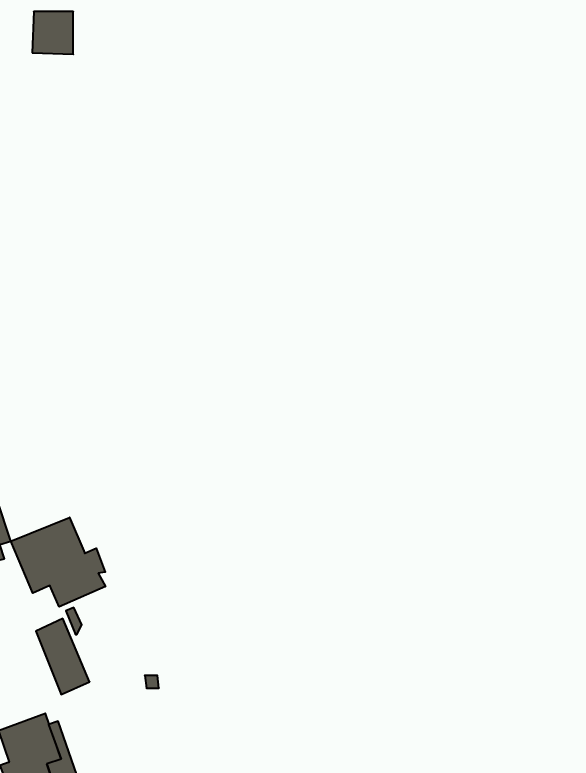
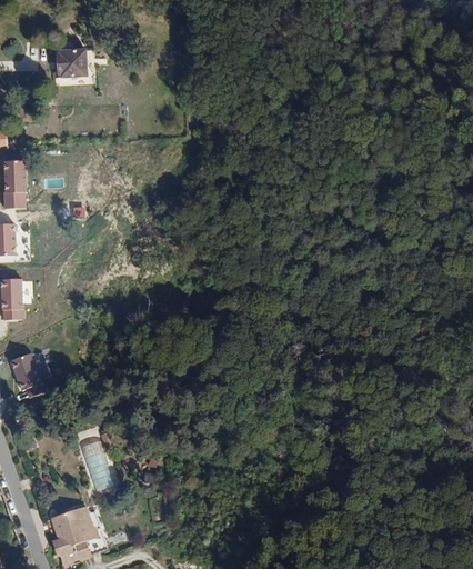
building: [32,12,73,54] -> [60,48,89,78]
building: [11,517,105,607] -> none

